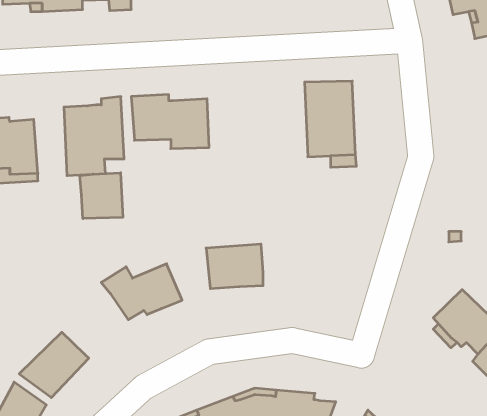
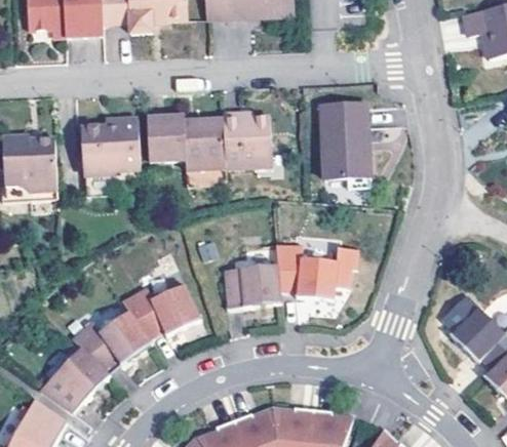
building: none -> [223,112,274,167]
building: [80,173,123,219] -> none
building: none -> [275,241,358,299]
building: none -> [72,312,150,371]

